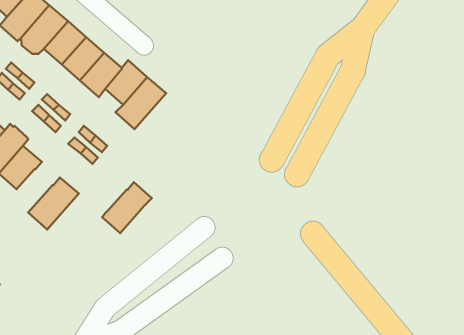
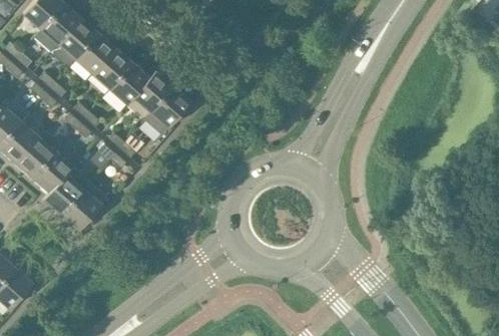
building: [102,182,152,233] -> [43,167,90,216]

